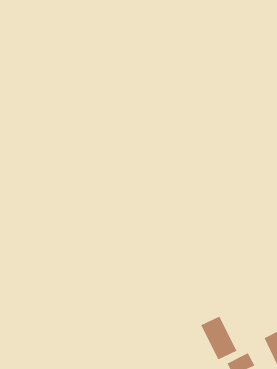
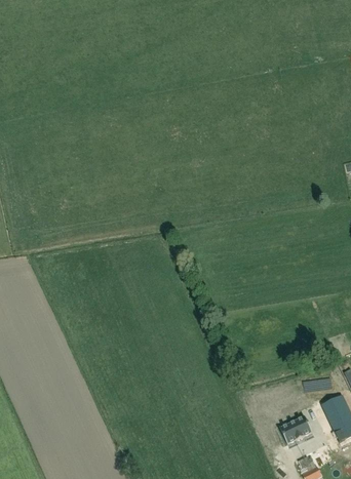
building: [200,316,237,360] -> none

